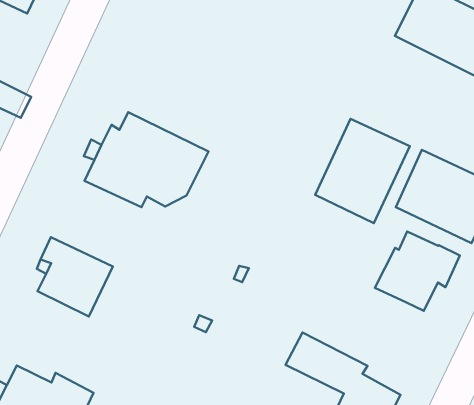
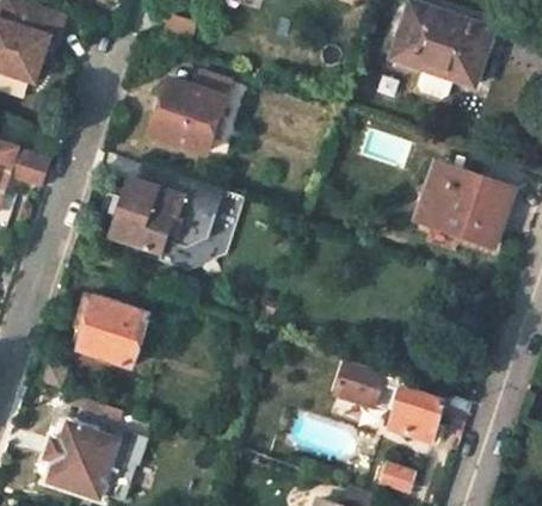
building: none -> [153,73,229,152]
building: [315,119,410,223] -> none
building: [375,232,460,311] -> none

